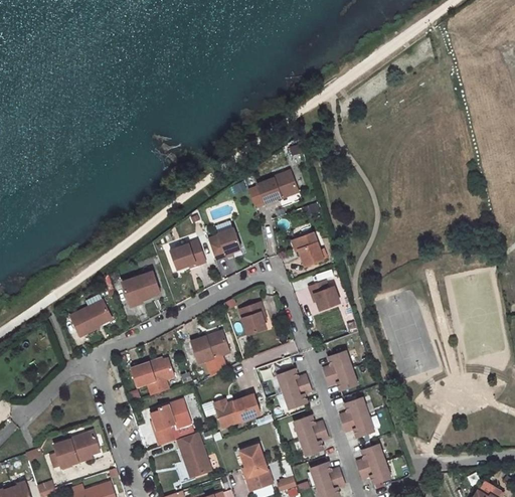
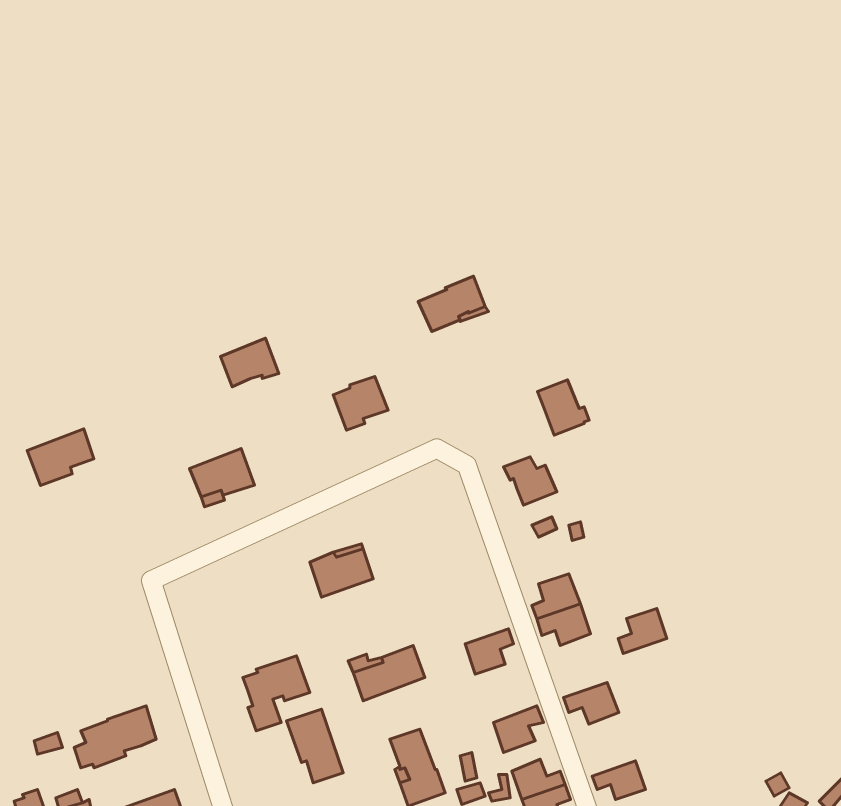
building: [294,232,325,266] -> [537,380,589,435]
building: [167,243,202,273] -> [220,338,279,387]
building: [66,302,107,336] -> [27,429,94,486]
building: [238,302,266,334] -> none
building: [130,359,173,394] -> none
building: [278,368,310,392] -> none
building: [340,397,369,425] -> [618,608,667,654]
building: [294,416,327,440] -> none
building: [357,444,386,472] -> none

